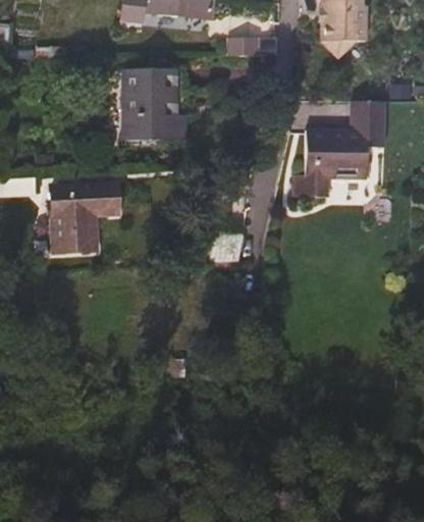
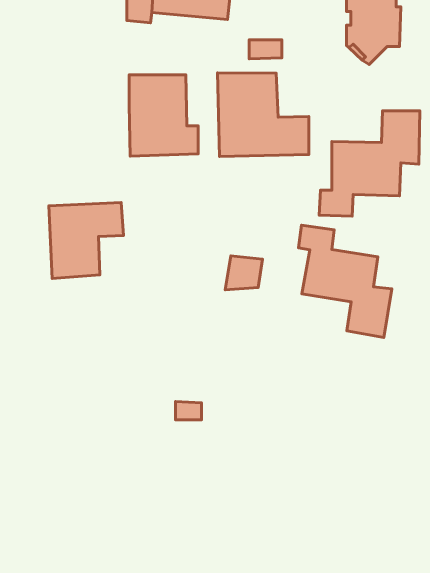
building: none -> [218,73,309,156]
building: none -> [299,225,392,337]

